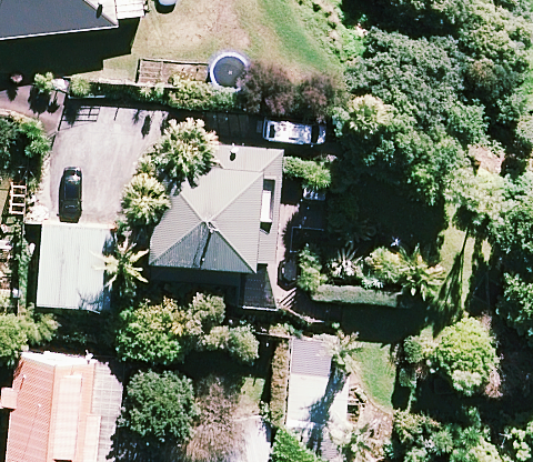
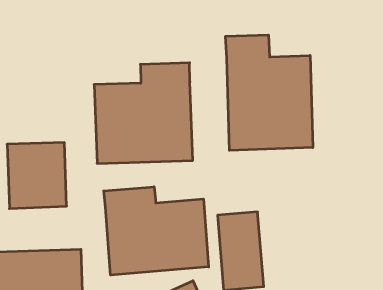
building: none -> [226,35,313,150]
building: none -> [104,187,209,275]

